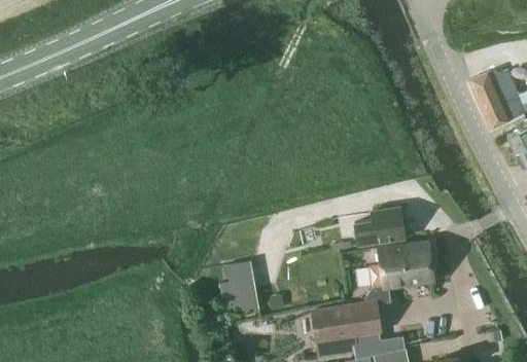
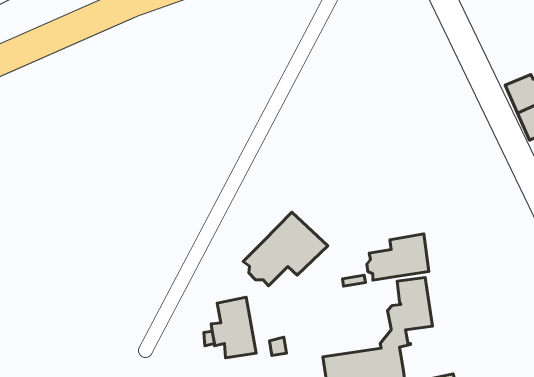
building: none -> [243,212,328,286]
building: [401,241,434,285] -> none

